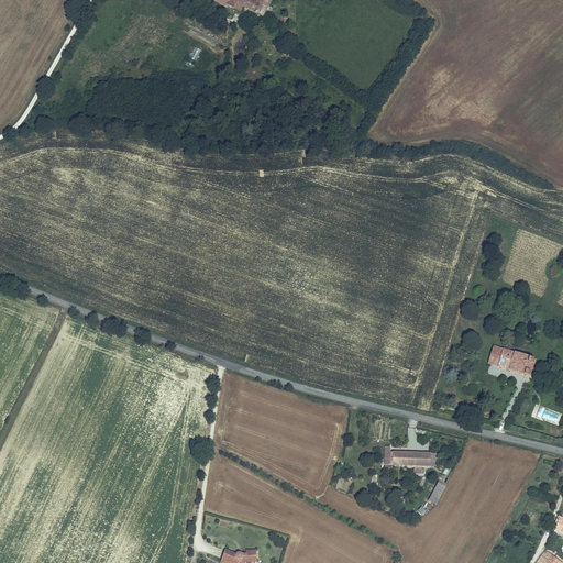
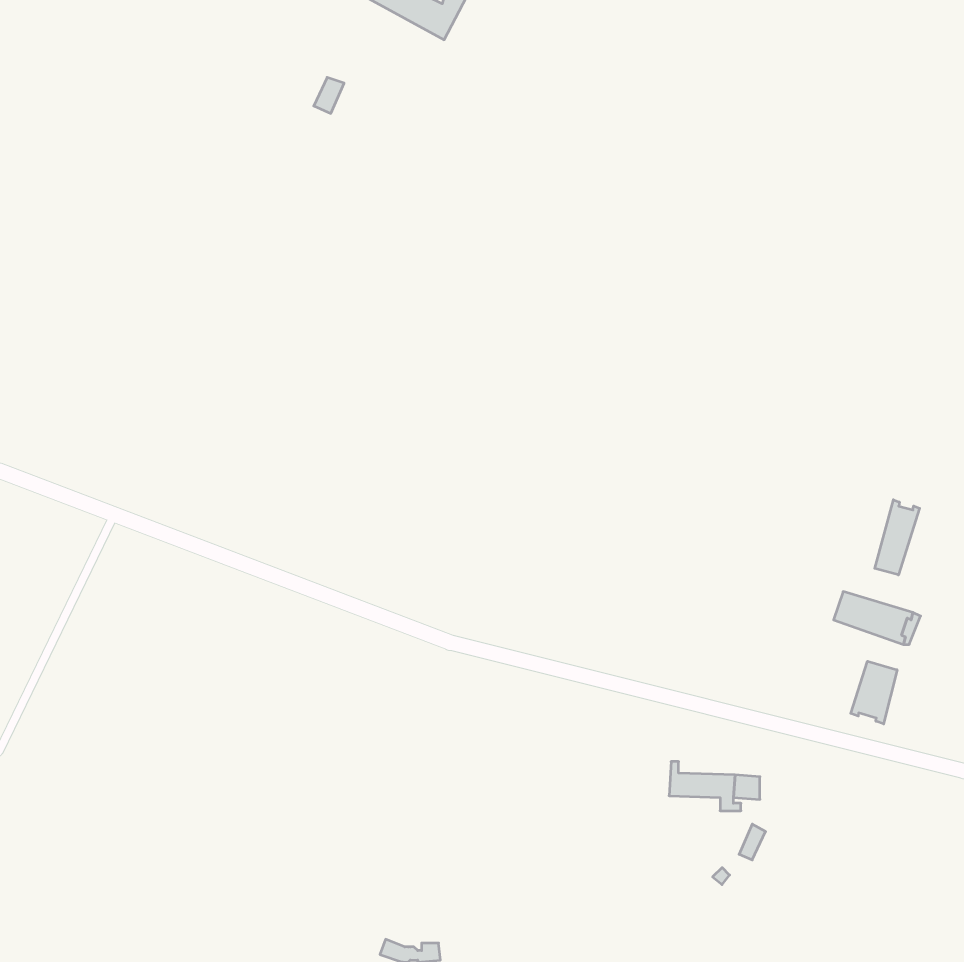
building: none -> [875,500,920,575]
building: none -> [851,661,897,724]

